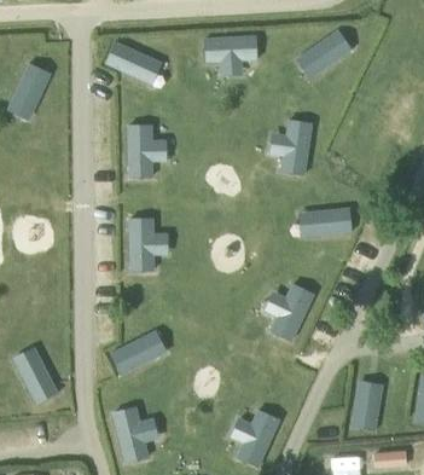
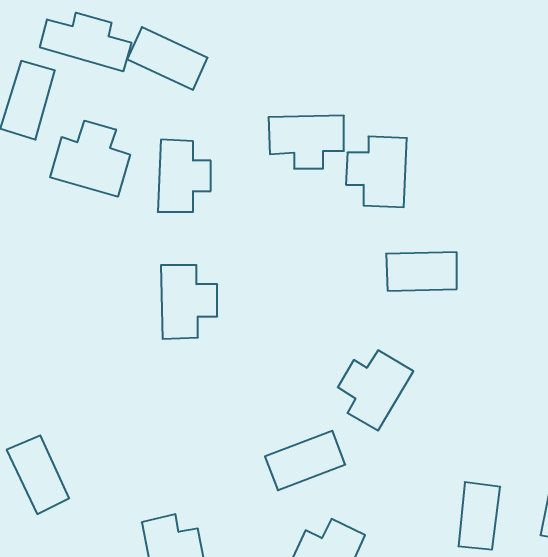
building: none -> [40,13,131,71]
building: [292,31,352,79] -> none
building: [201,35,257,75] -> [268,116,344,169]
building: none -> [50,121,130,197]
building: [106,331,167,376] -> [265,431,345,490]

